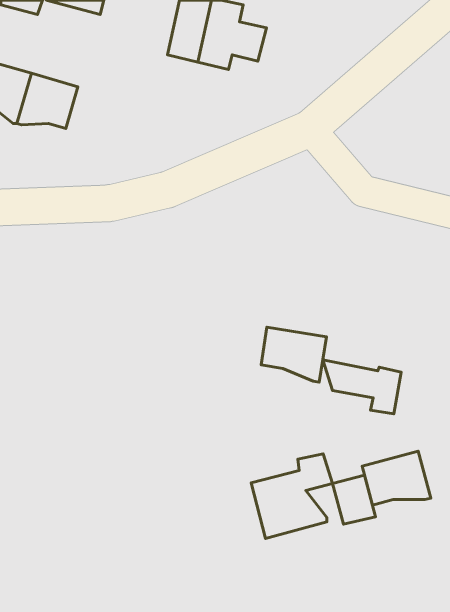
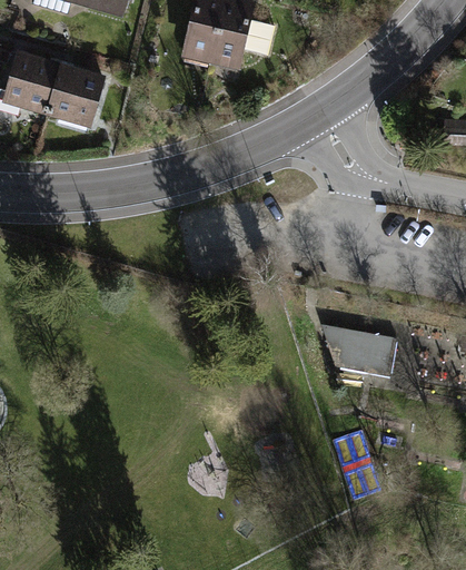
building: [261,327,326,382] -> none
building: [362,451,431,505] -> none
building: [251,454,333,538] -> none

